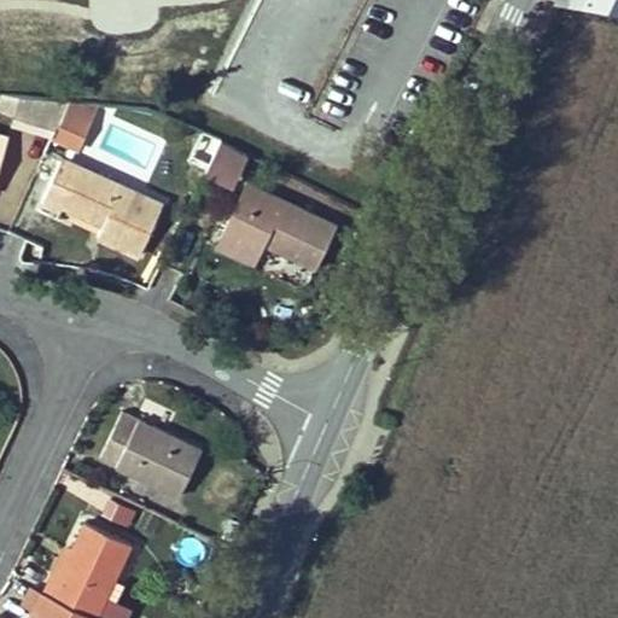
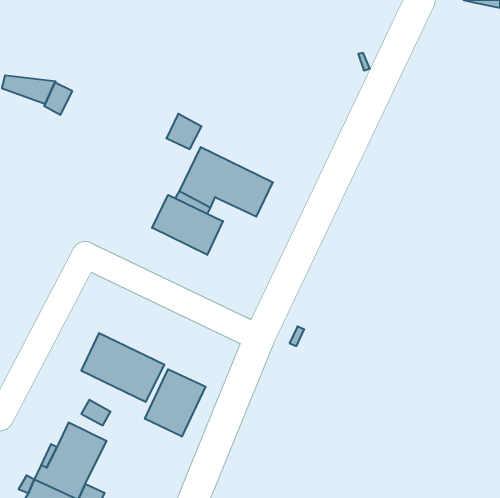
building: [42,161,163,257] -> none
building: none -> [152,195,223,255]
building: none -> [145,369,206,437]

